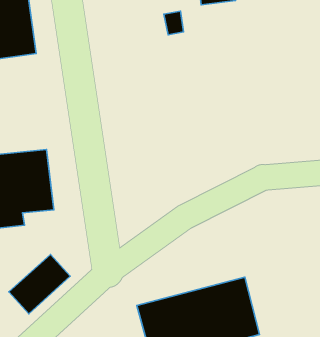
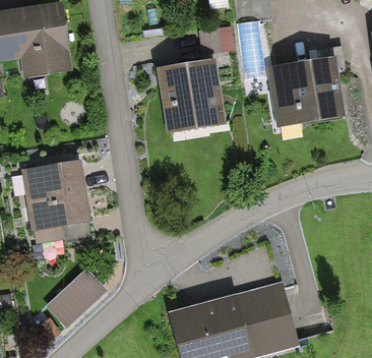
building: none -> [267,46,343,122]
building: none -> [160,63,218,124]

